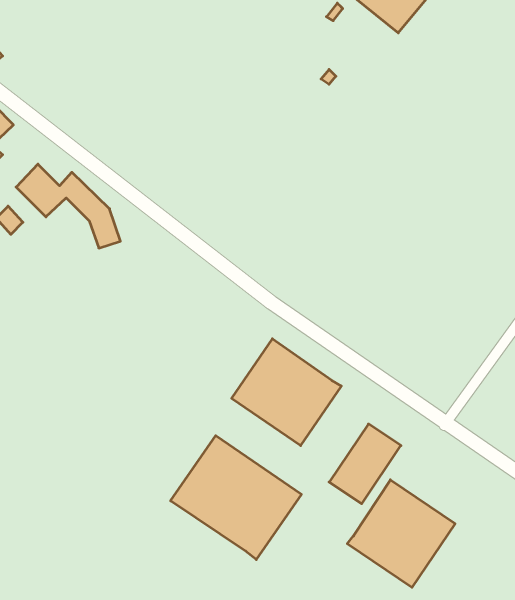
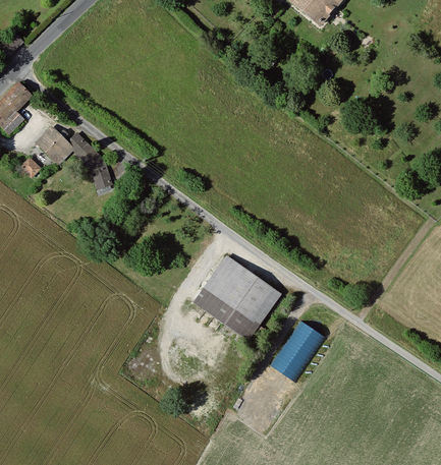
building: [171,436,301,560] -> none
building: [347,480,455,587] -> none

